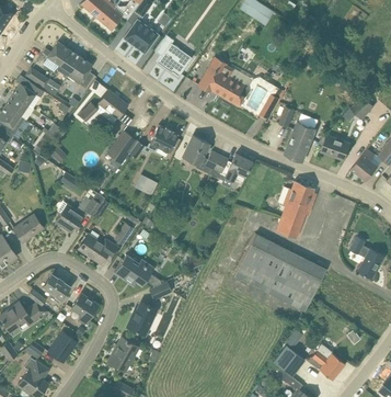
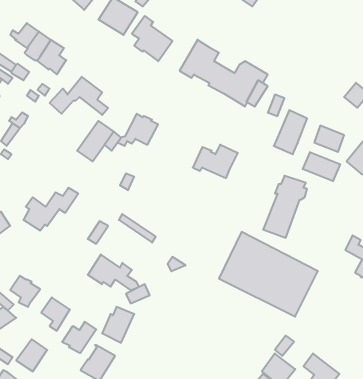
building: [182,136,218,174] -> none
building: none -> [303,152,340,181]
building: [78,235,119,263] -> none
building: none -> [62,322,96,353]

